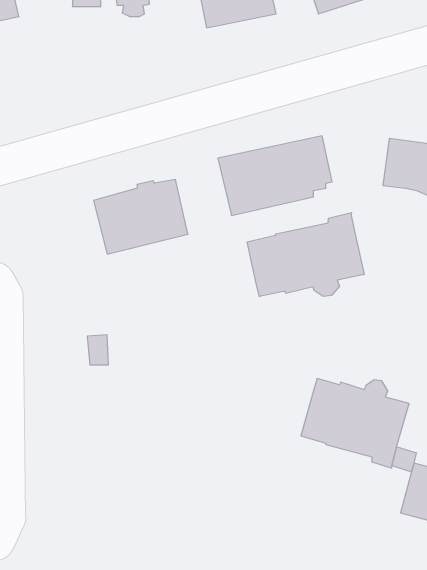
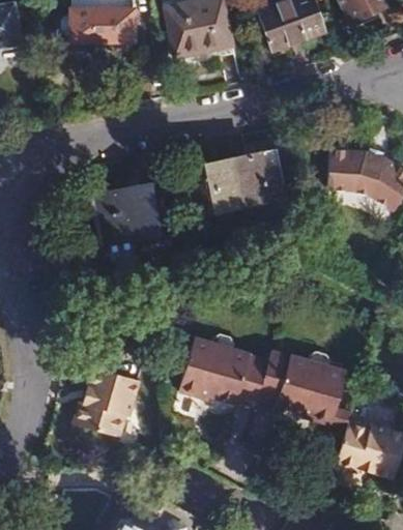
building: [247,213,364,297] -> none
building: none -> [178,334,268,408]
building: none -> [71,366,137,435]

